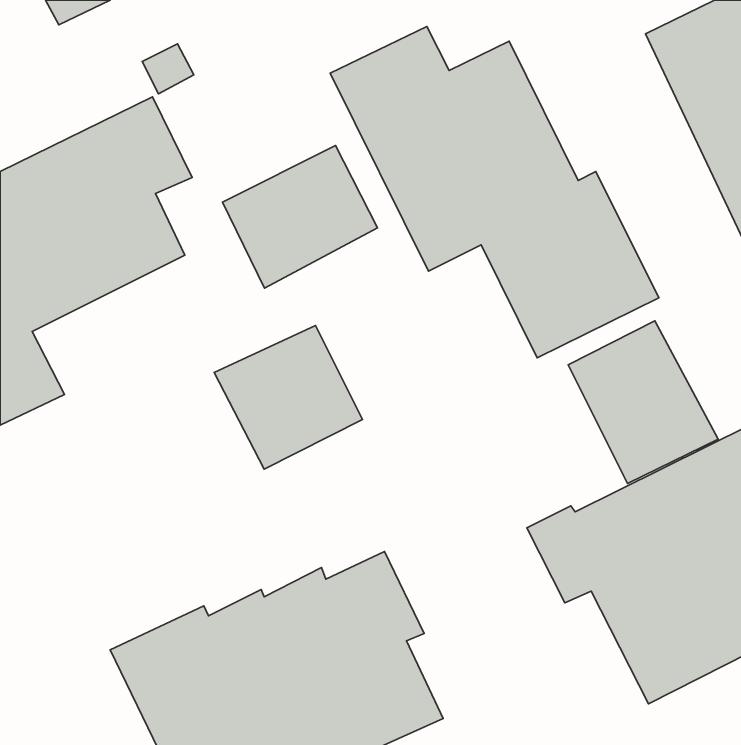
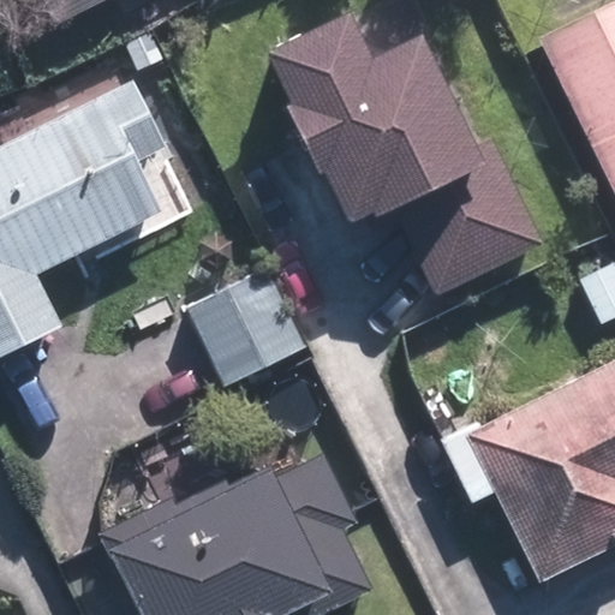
building: [222,146,378,288] -> none
building: [568,321,718,484] -> none

